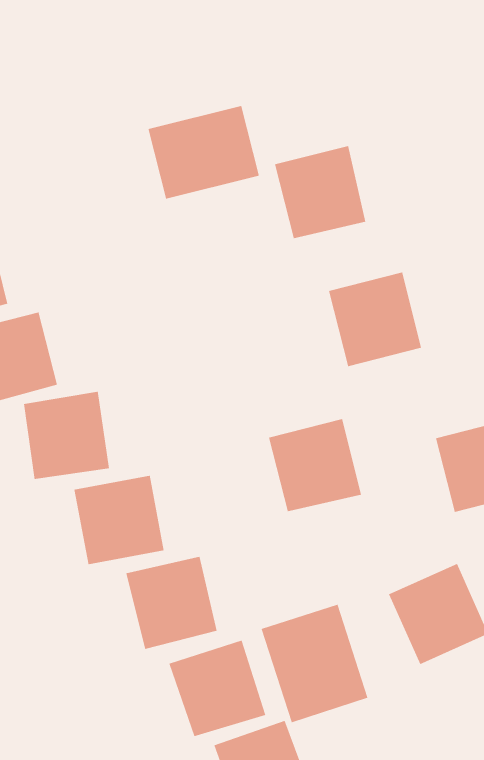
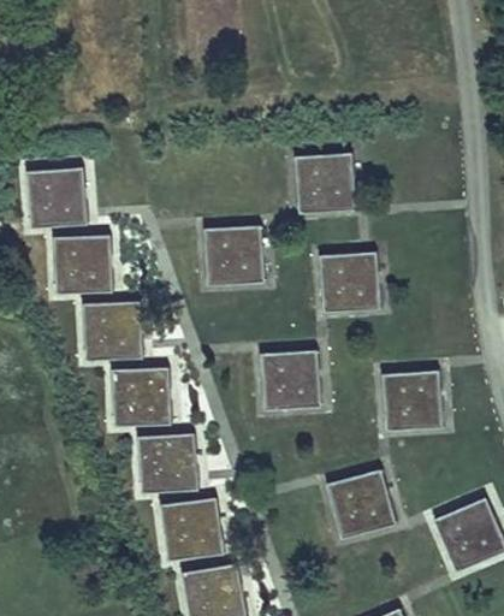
building: [148,105,260,199] -> none
building: none -> [202,224,262,285]
building: [261,604,368,723] -> none

